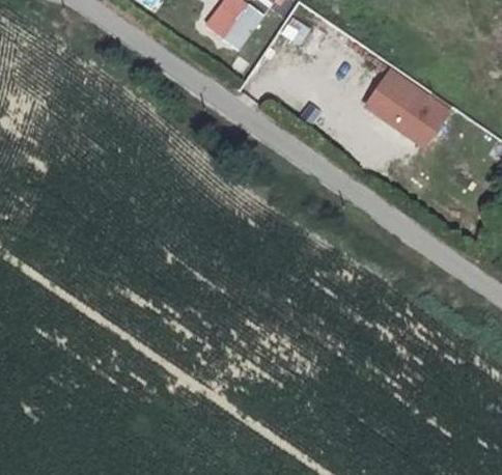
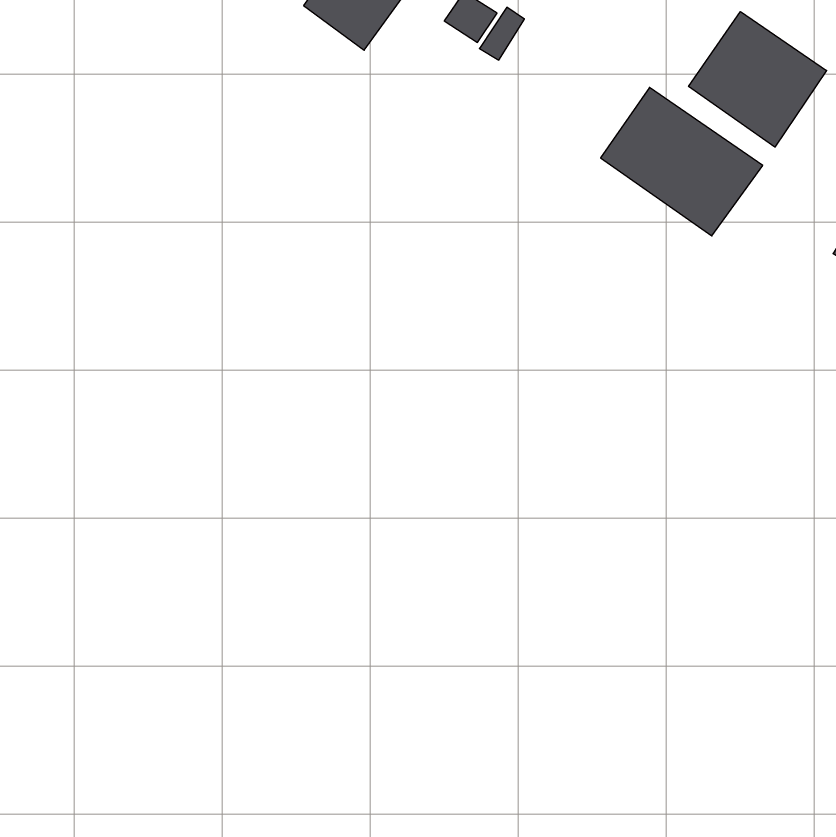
building: none -> [689,12,827,147]

